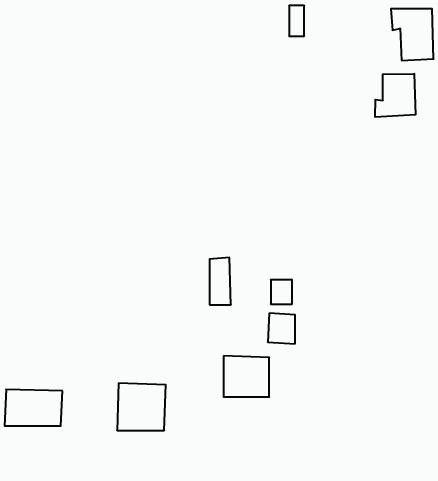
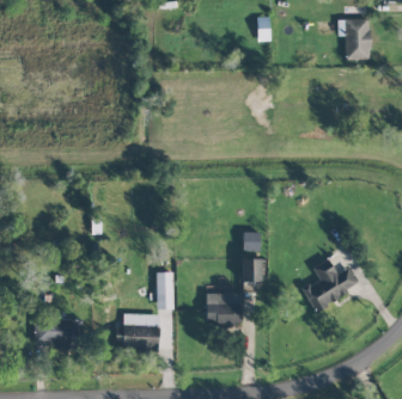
building: [375,74,415,117] -> none
building: [210,258,231,305] -> [158,271,175,308]
building: none -> [304,258,360,311]

